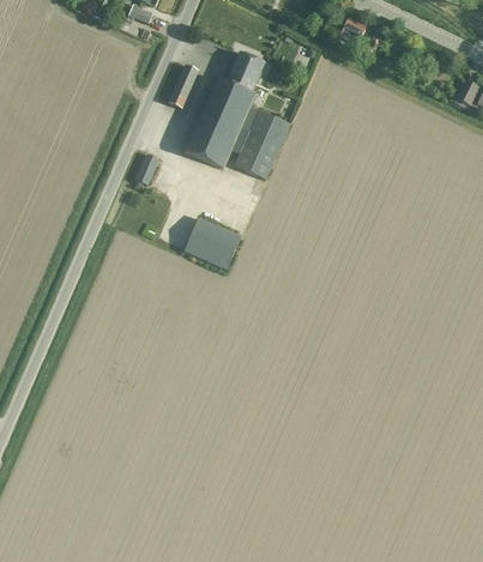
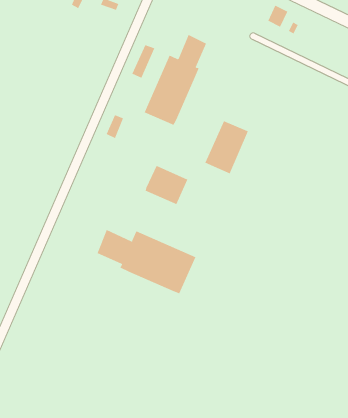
building: [234,110,290,179] -> [205,120,249,174]
building: none -> [97,229,196,294]

